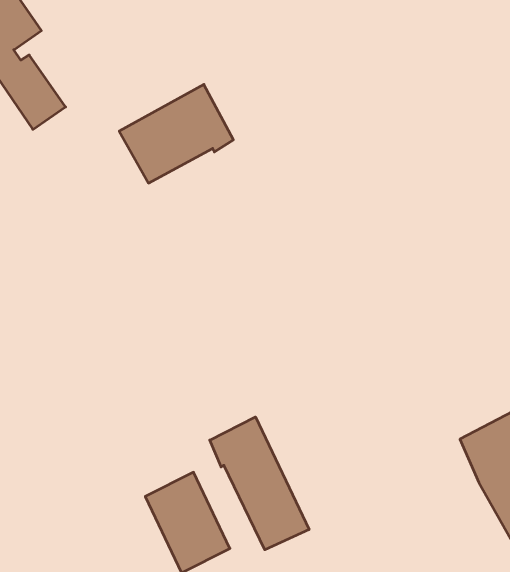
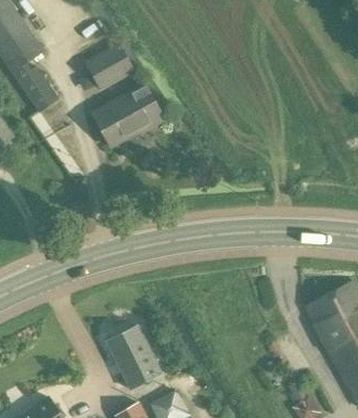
building: none -> [87,43,132,88]
building: [210,417,309,550] -> none

